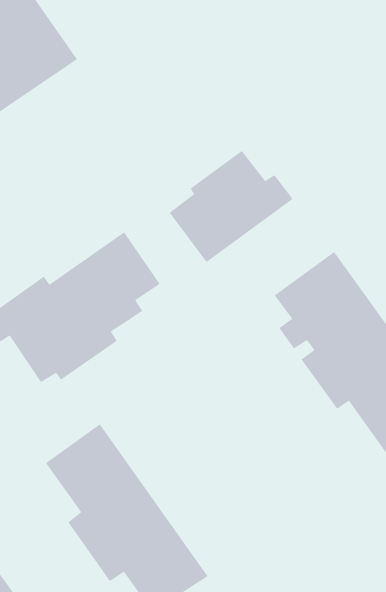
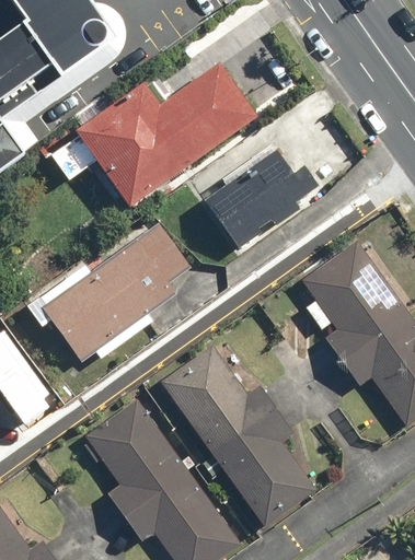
building: none -> [51,61,257,206]
building: none -> [162,348,316,526]

